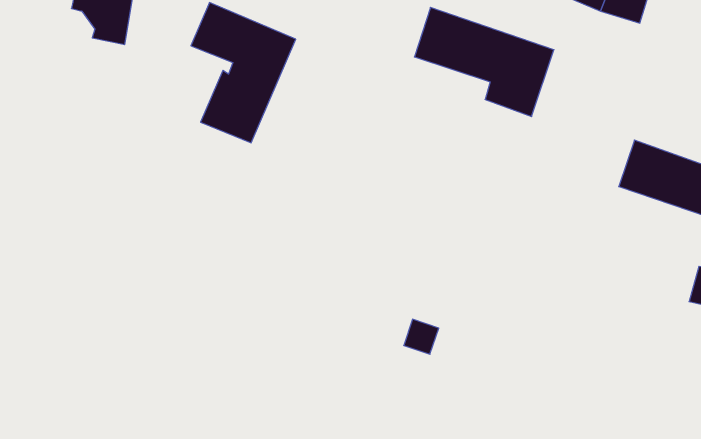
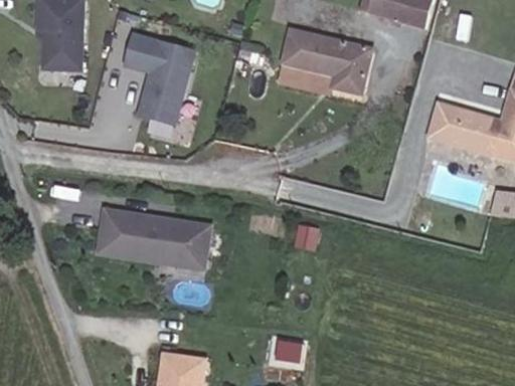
building: none -> [276,63,333,94]
building: none -> [97,209,207,265]

